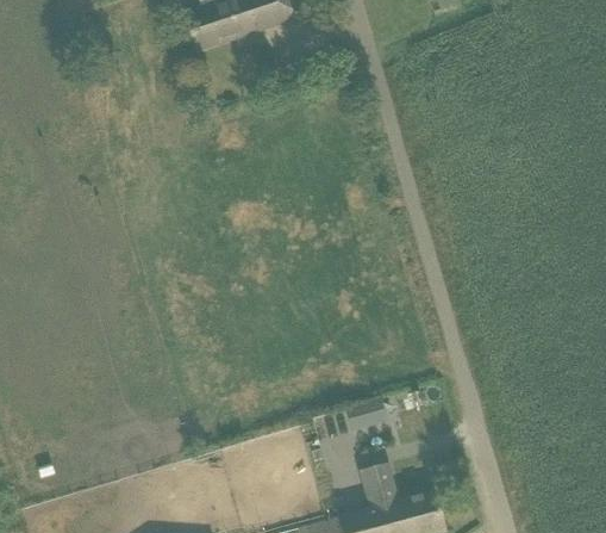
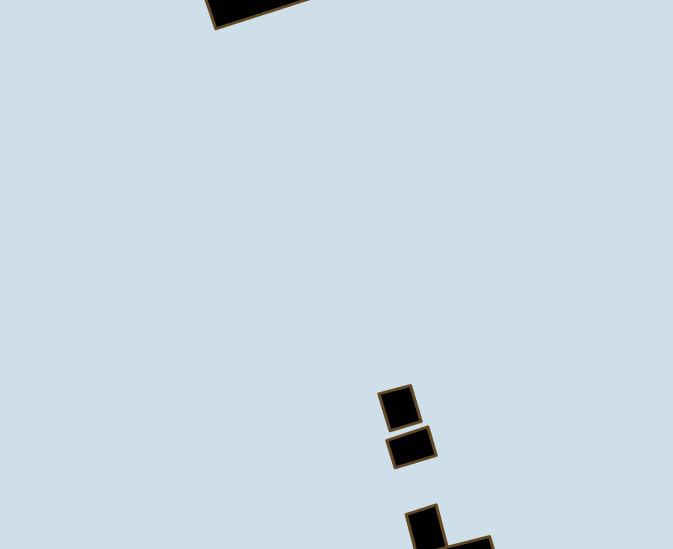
building: none -> [379,386,421,431]

